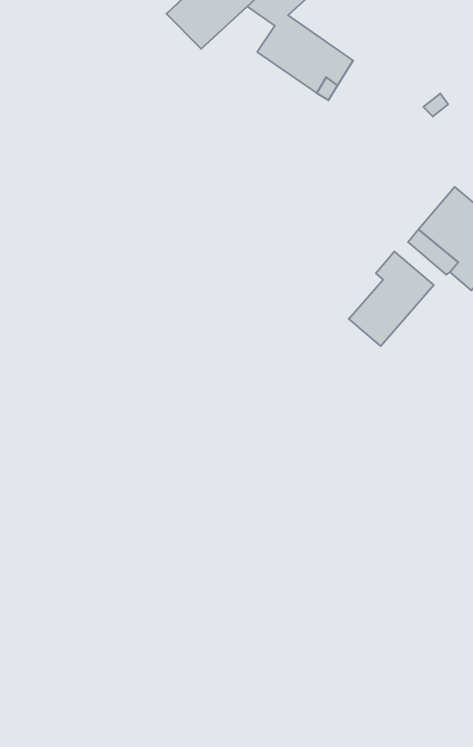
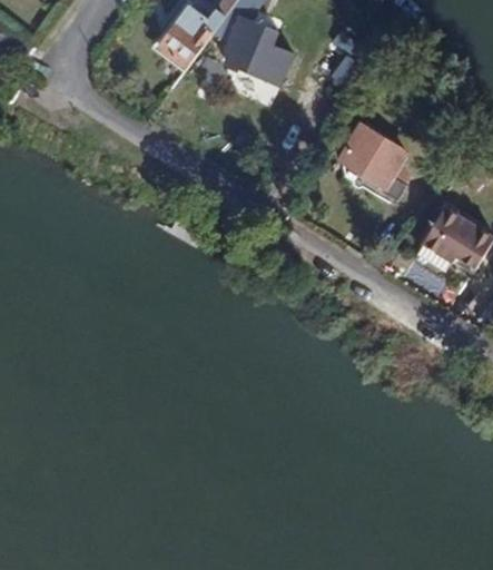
building: [349,251,434,346] -> none

